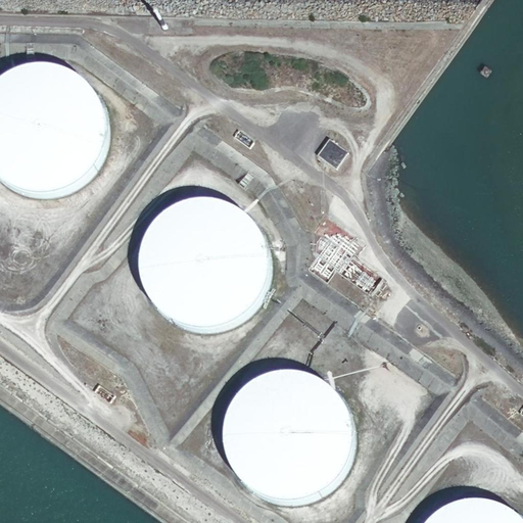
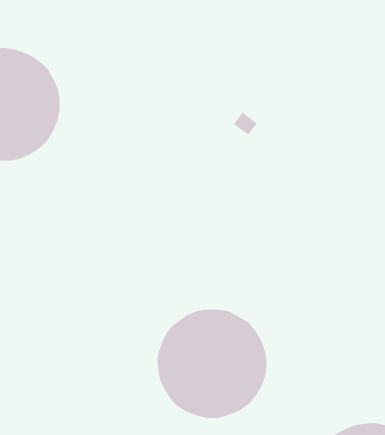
building: [137,198,270,331] -> none

